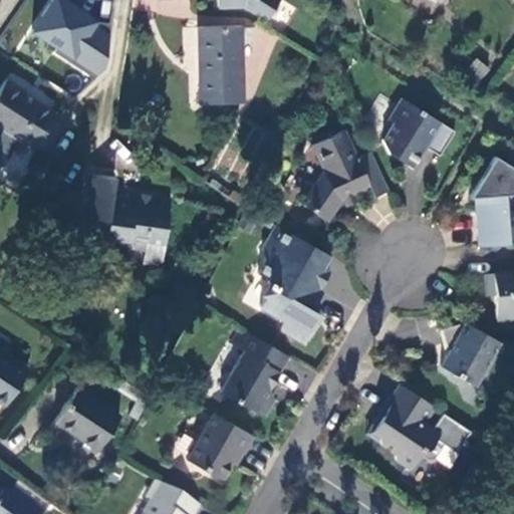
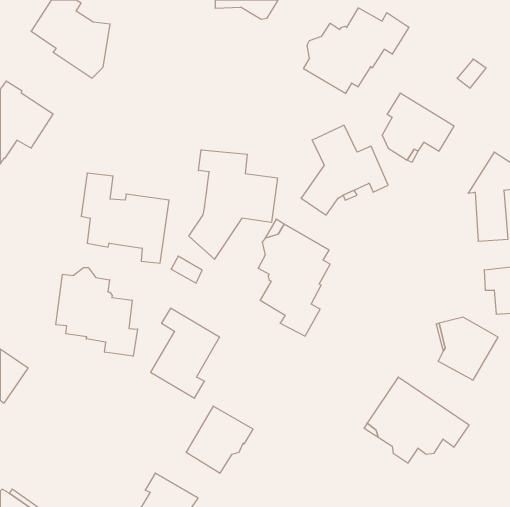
building: none -> [304,8,409,94]
building: [199,32,242,106] -> none
building: none -> [189,150,277,259]
building: none -> [56,268,138,356]
building: [222,326,291,417] -> [151,308,220,398]
building: [55,392,120,455] -> none

